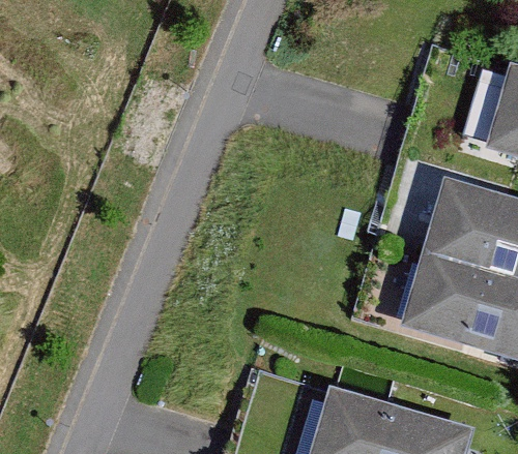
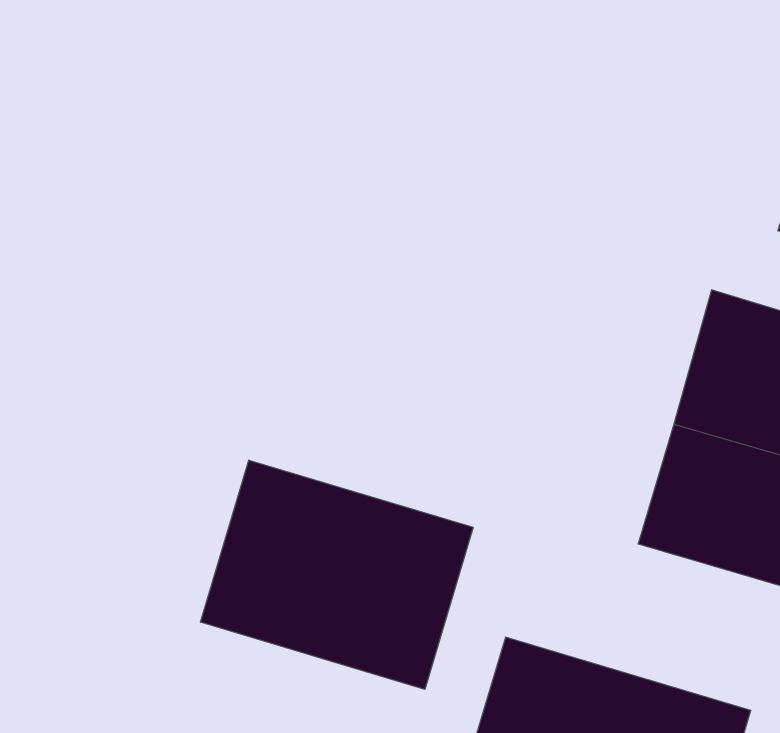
building: none -> [200,460,473,689]

